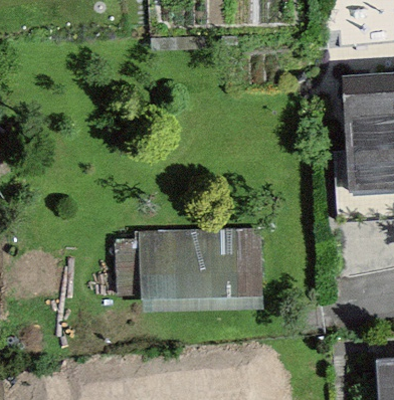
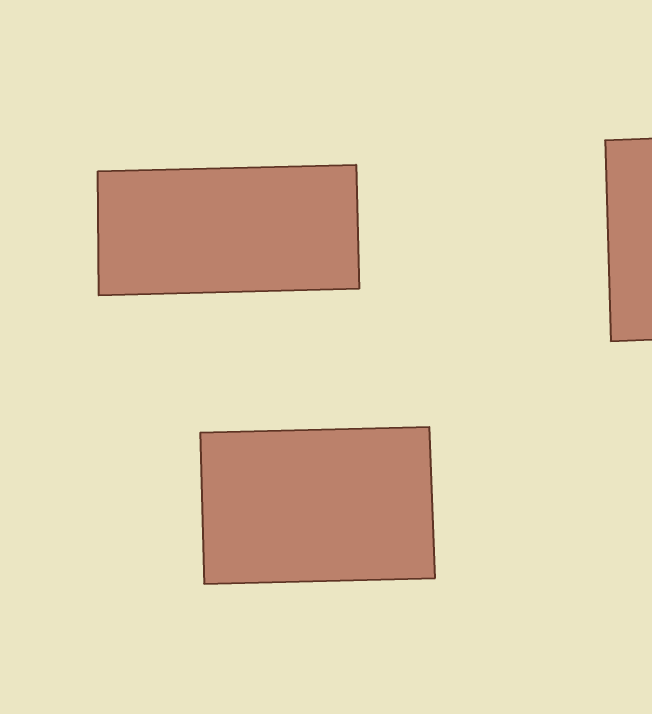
building: none -> [98,165,359,295]

